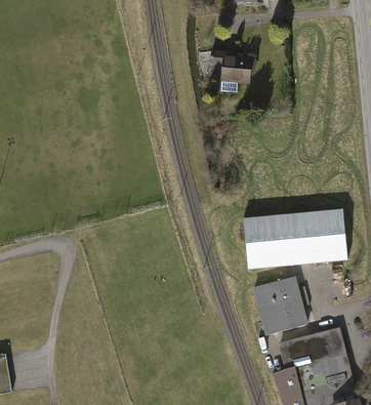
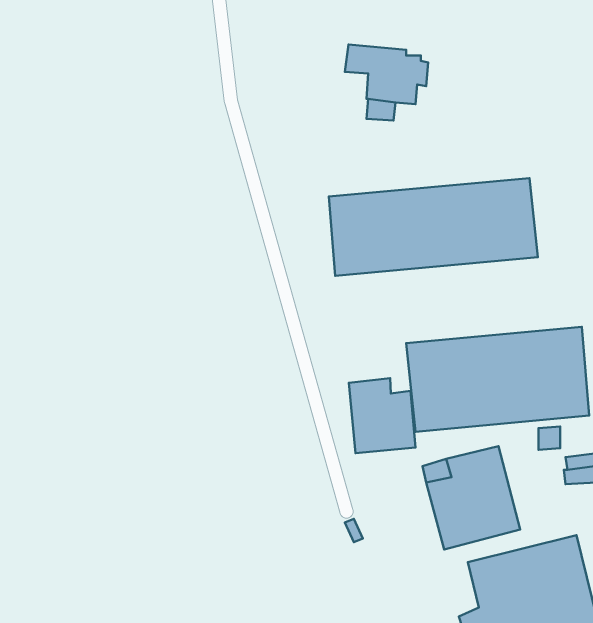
building: none -> [329,178,538,276]
building: none -> [349,378,416,453]

